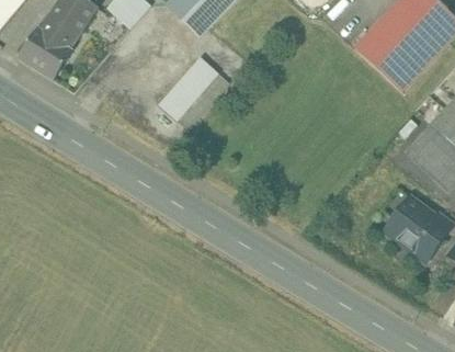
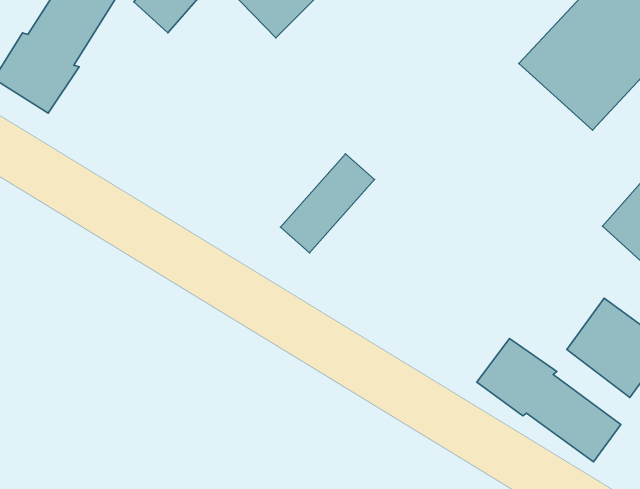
building: [159,56,219,120] -> [281,154,375,253]
building: none -> [477,338,621,462]

